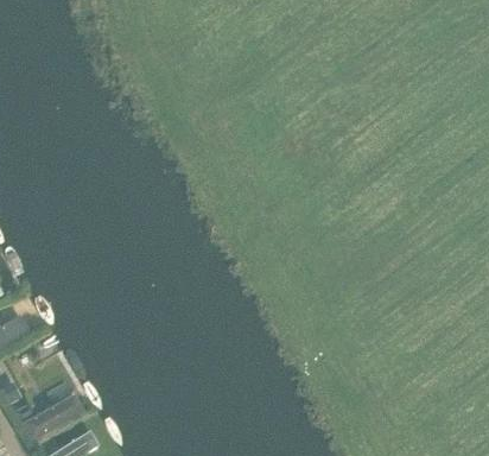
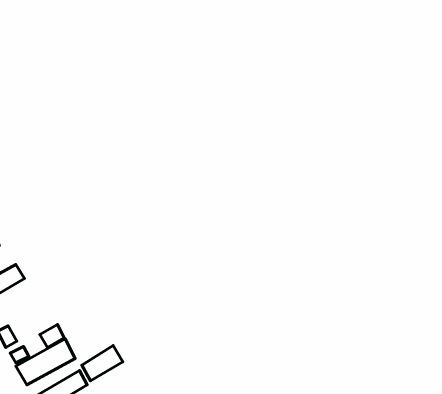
building: none -> [82,345,123,381]

